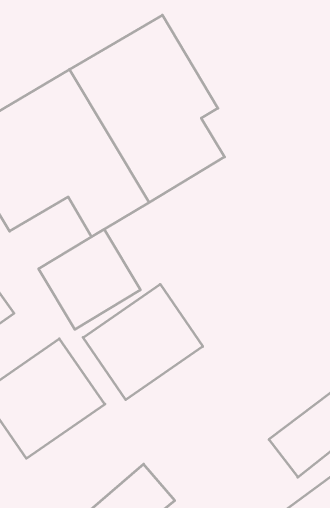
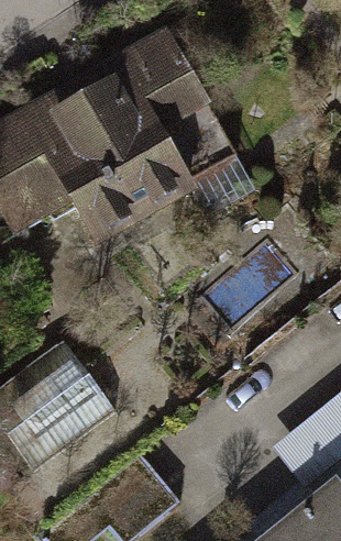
building: [39,229,140,329] -> none
building: [83,284,203,400] -> none

